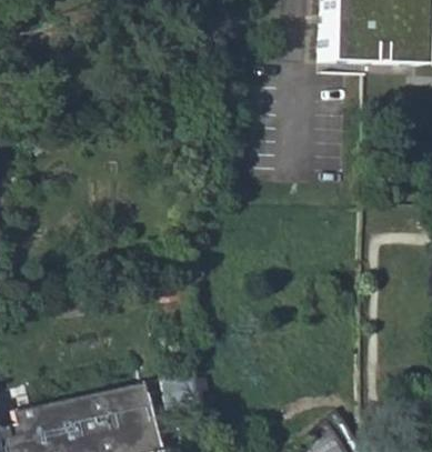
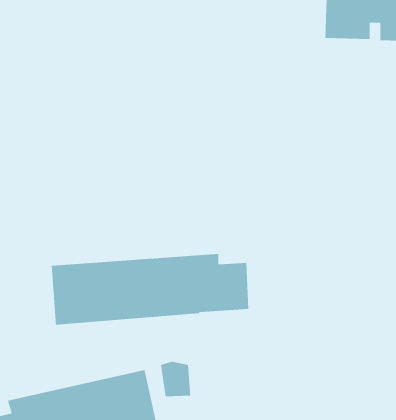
building: none -> [51,253,249,325]

